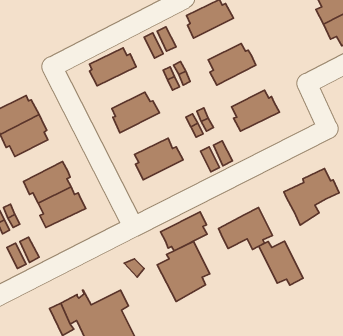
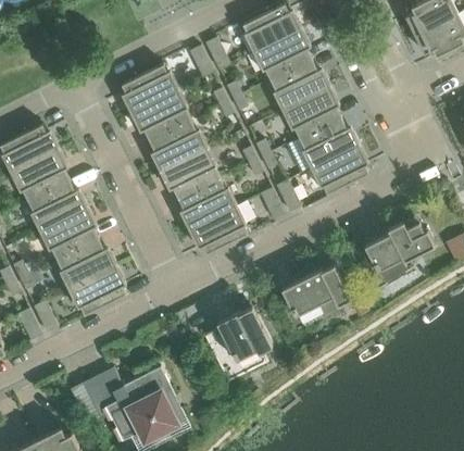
building: none -> [251,27,311,79]
building: none -> [280,86,340,138]
building: none -> [130,88,190,140]
building: none -> [310,145,368,193]
building: none -> [159,146,220,198]
building: none -> [27,179,87,231]
building: none -> [66,265,126,314]
building: [160,212,207,251] -> [188,204,247,253]
building: [259,241,303,285] -> none

